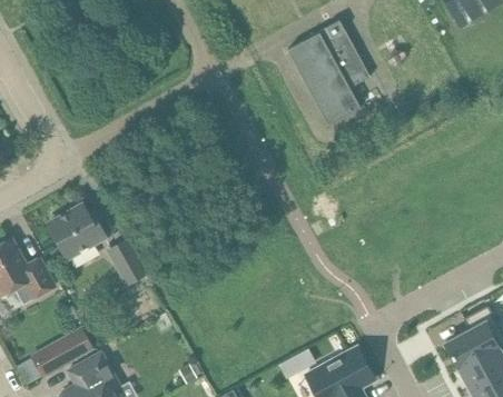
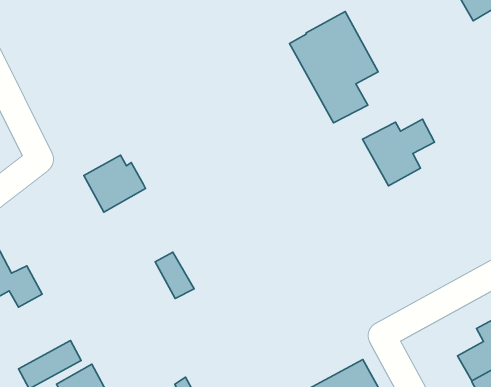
building: none -> [362,119,434,186]
building: [48,205,106,258] -> [84,155,145,212]
building: [109,240,146,284] -> [155,252,194,298]

